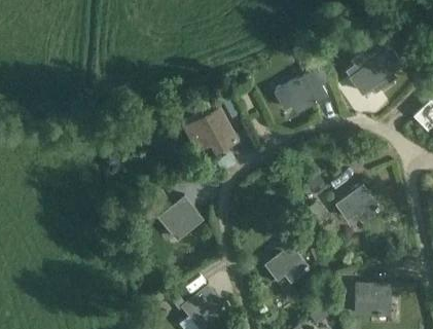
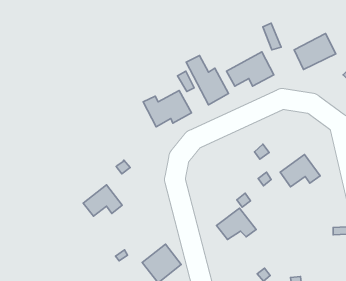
building: none -> [186,55,228,105]
building: [158,195,202,230] -> [83,185,122,216]
building: [357,284,390,316] -> none

